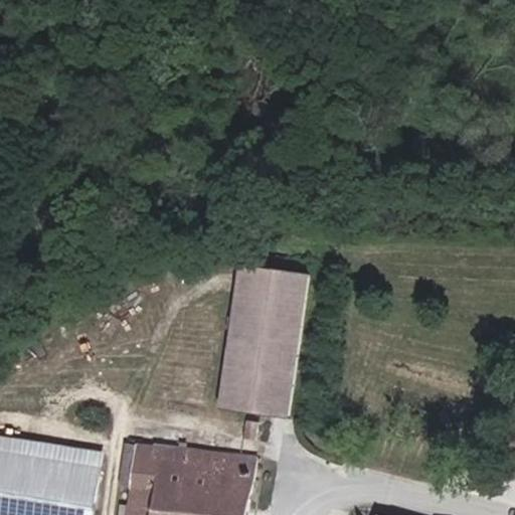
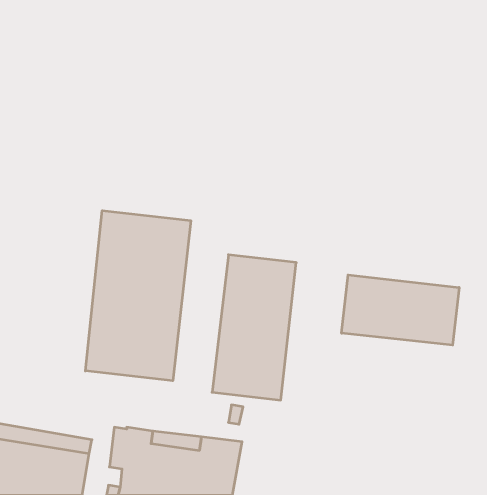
building: none -> [85,211,191,381]
building: none -> [342,275,459,345]

